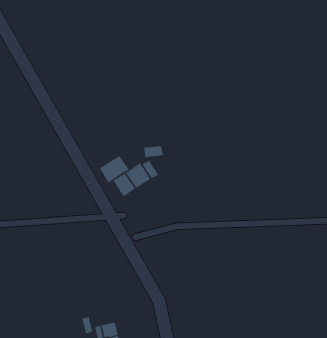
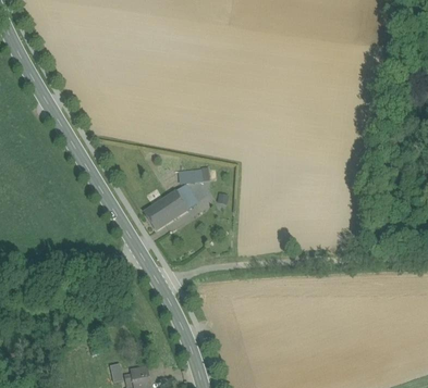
building: [99,155,129,183] -> none

